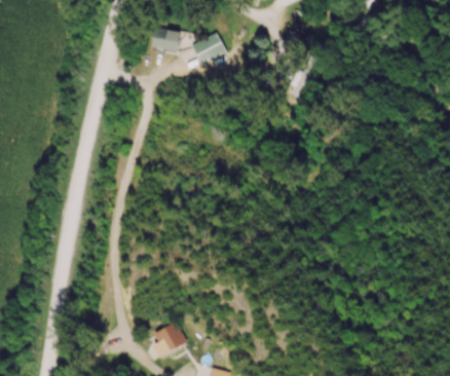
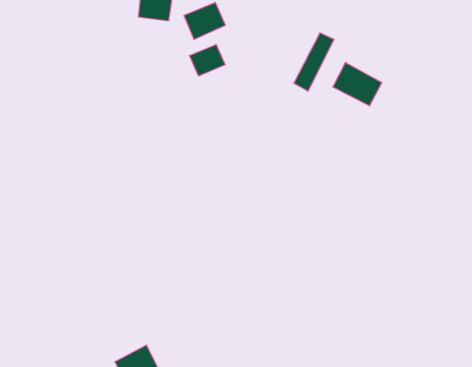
building: none -> [189,44,225,76]
building: none -> [333,62,382,106]

